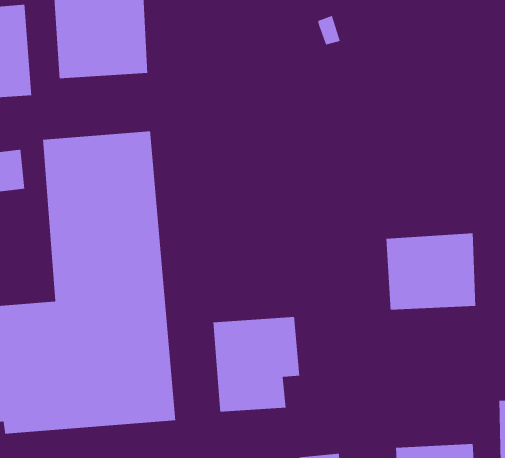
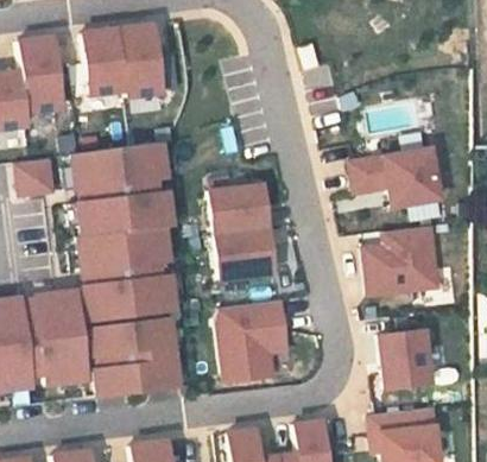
building: none -> [349,148,441,209]
building: none -> [207,182,277,285]
building: none -> [377,329,434,392]

